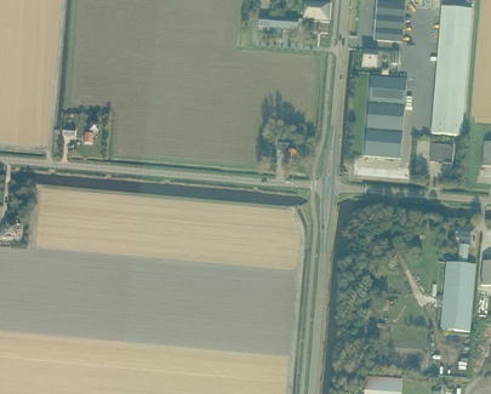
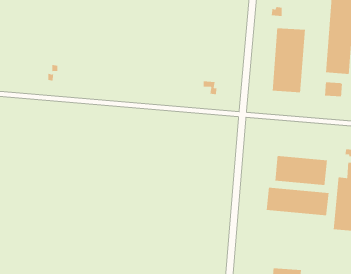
building: none -> [274,155,328,186]
building: none -> [266,187,329,216]

